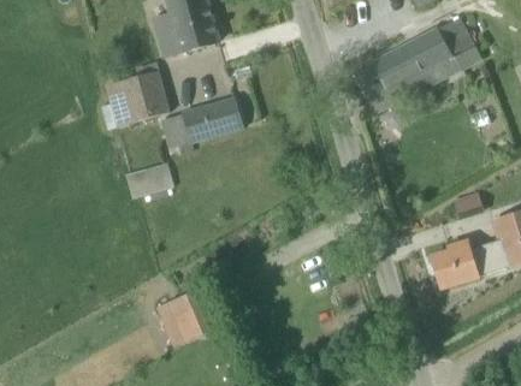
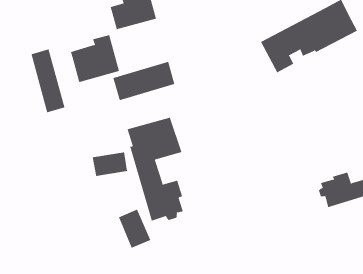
building: none -> [31,49,65,113]
building: [125,161,172,194] -> [92,152,128,177]
building: none -> [127,117,184,222]

